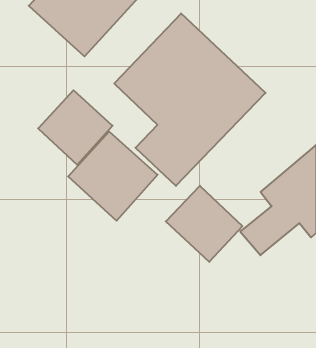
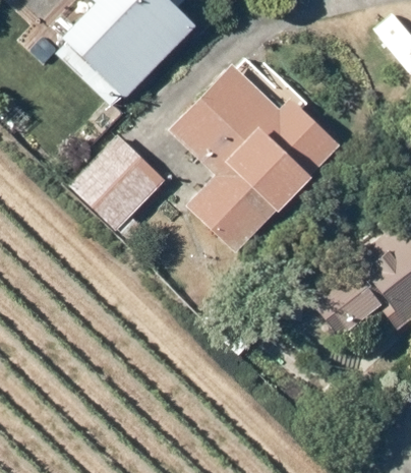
building: [68,132,158,221] -> none
building: [166,186,242,262] -> none

